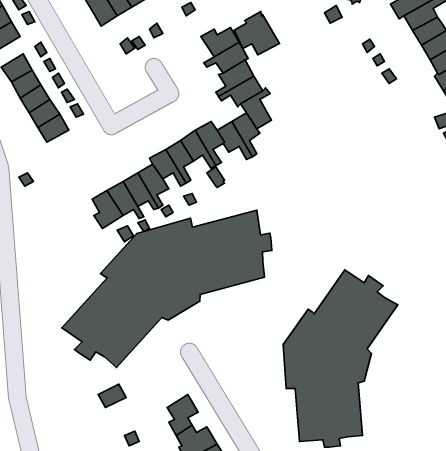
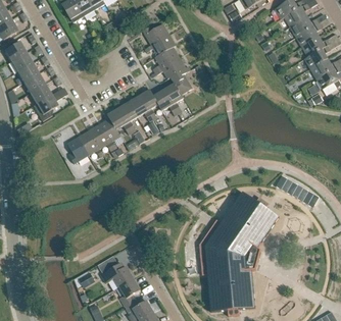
building: [234,11,280,55] -> none
building: none -> [33,88,67,121]
building: [62,210,272,367] -> none
building: none -> [101,266,134,287]

